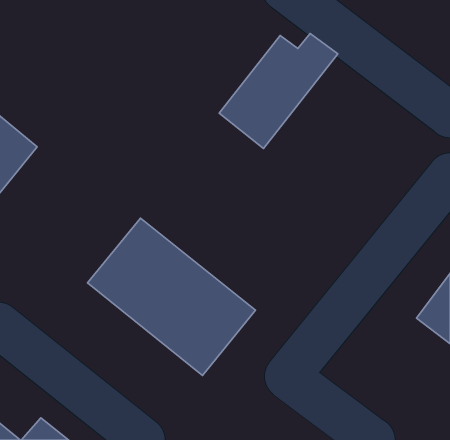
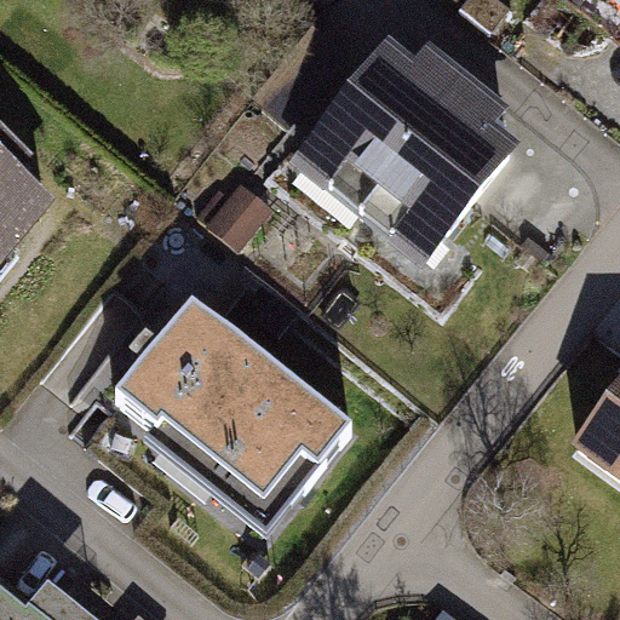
building: none -> [361,74,509,253]

